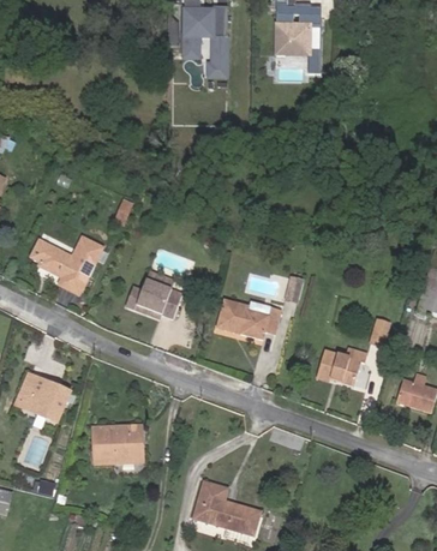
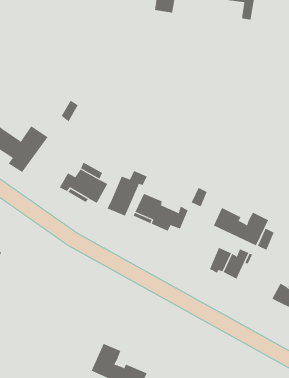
building: none -> [107,170,148,217]
building: none -> [213,207,269,246]
building: [91,427,143,460] -> none

